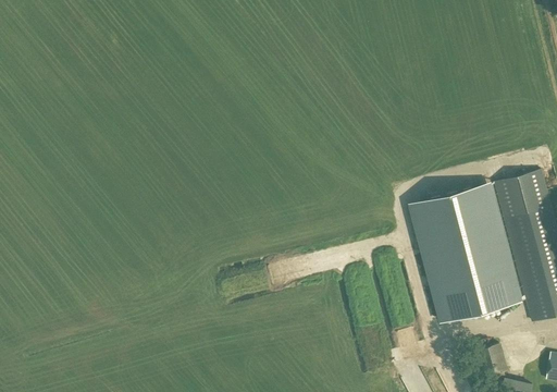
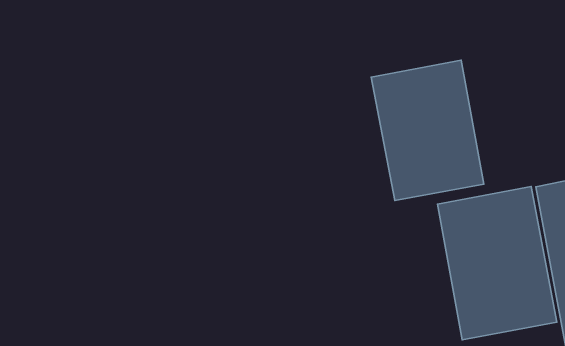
building: none -> [371,60,484,201]

